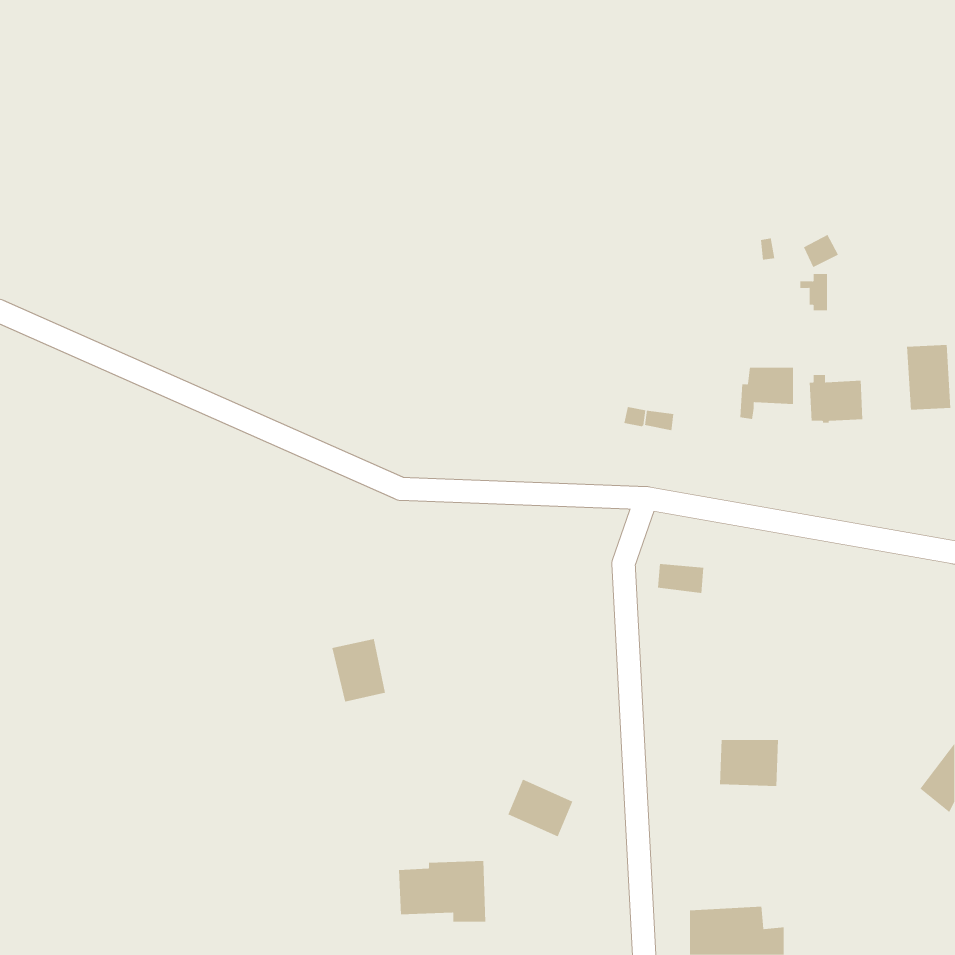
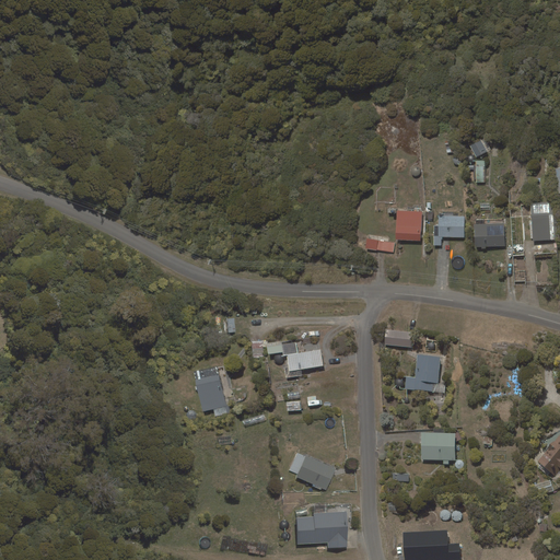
building: none -> [394,209,421,240]
building: none -> [285,349,322,370]
building: none -> [404,353,440,390]
building: [398,861,486,922] -> [295,511,347,547]

